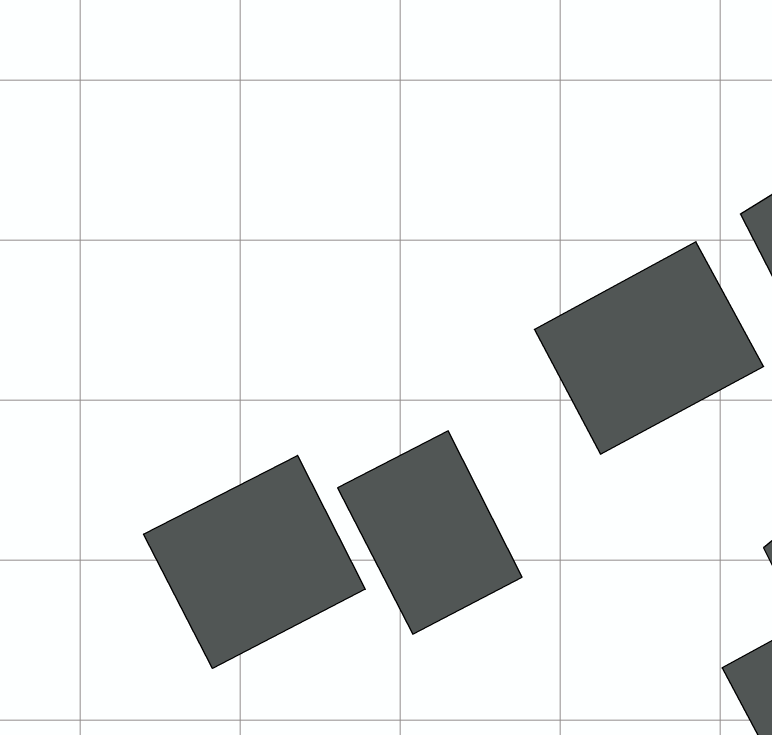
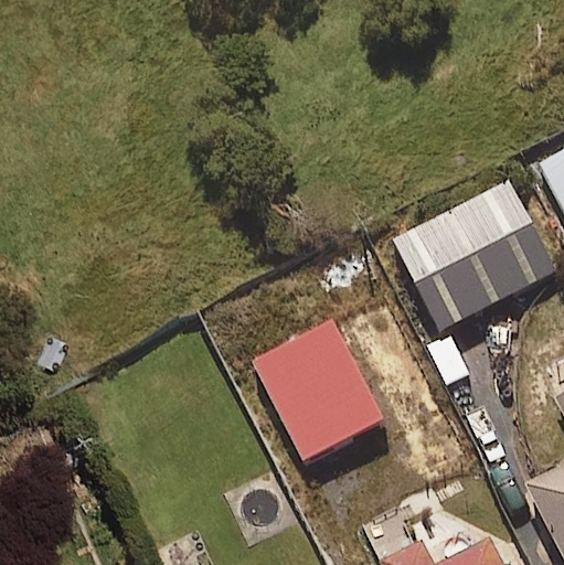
building: [144,455,365,668] -> none

